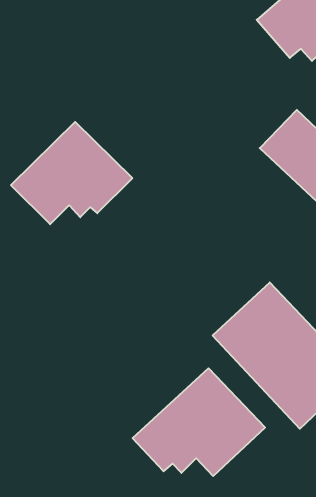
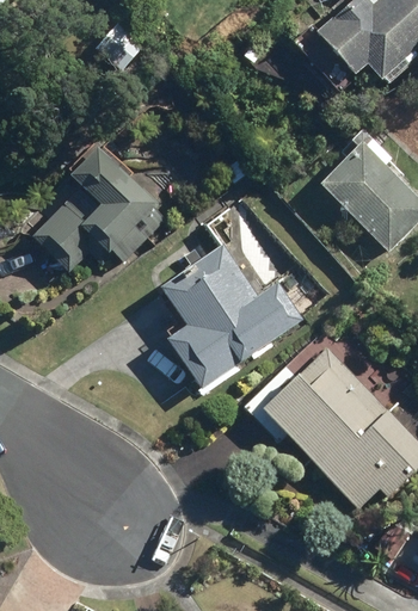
building: none -> [159,240,308,389]
building: [133,368,265,476] -> none

